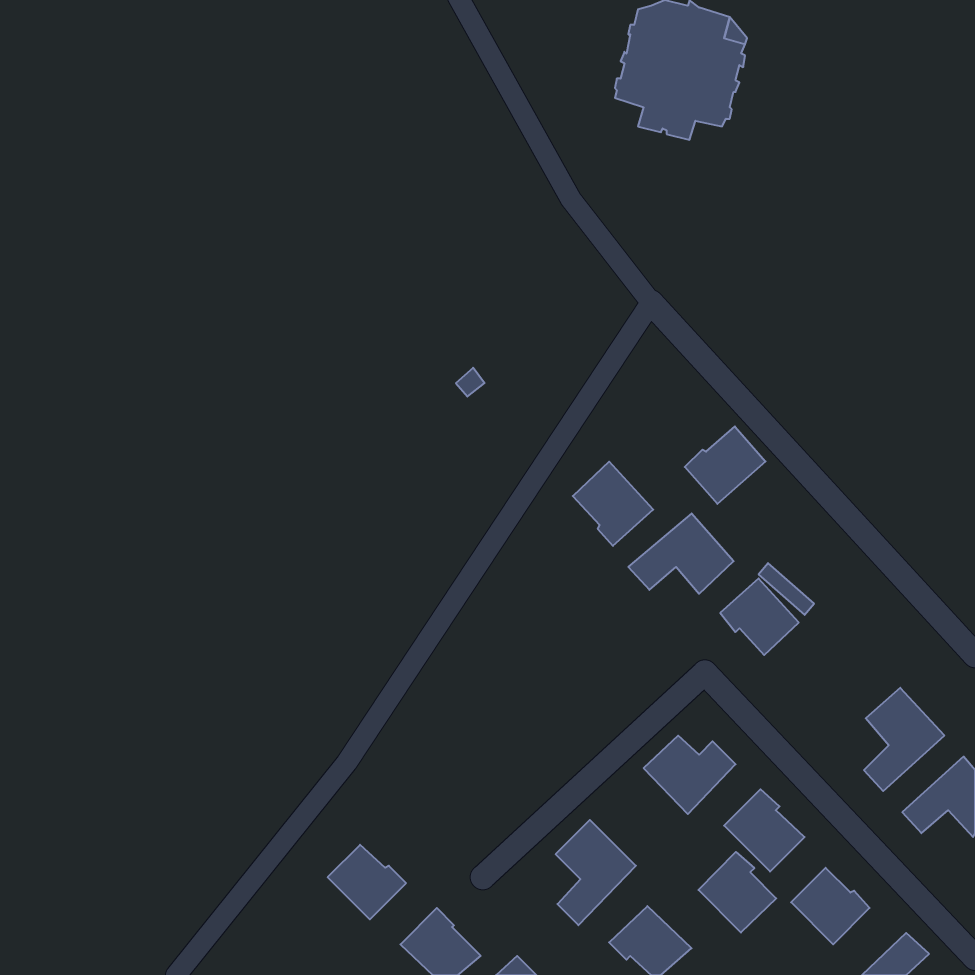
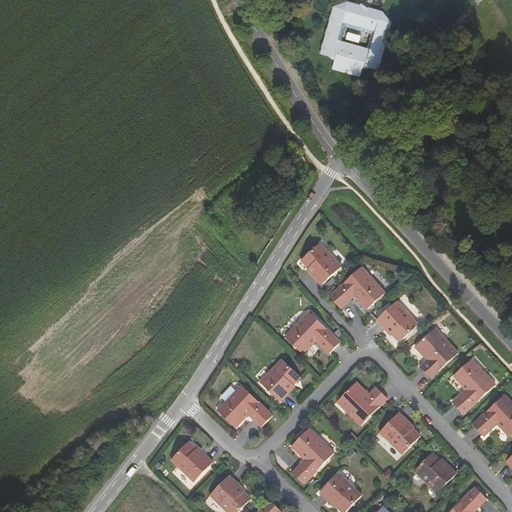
building: [685,426,766,504] -> none
building: none -> [284,312,339,354]
building: none -> [419,324,461,378]
building: none -> [258,359,299,400]
building: none -> [217,385,271,426]
building: [698,852,776,933] -> none

